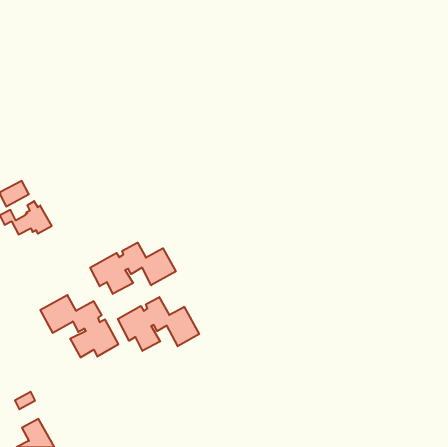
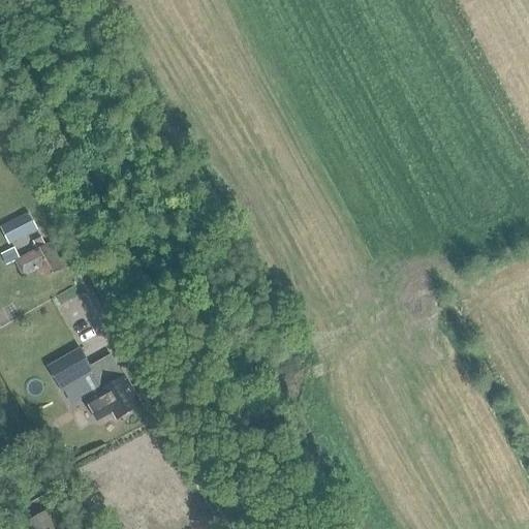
building: [90,243,176,294] -> none
building: [118,297,199,351] -> none

